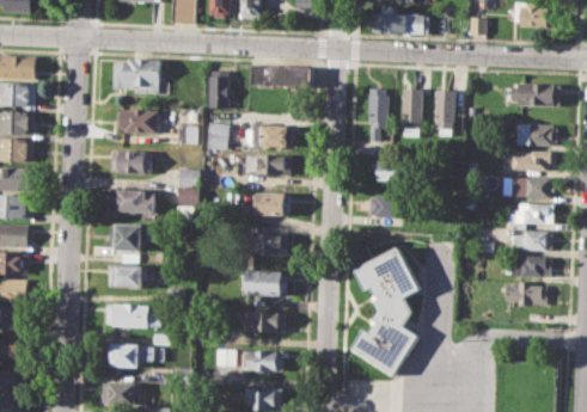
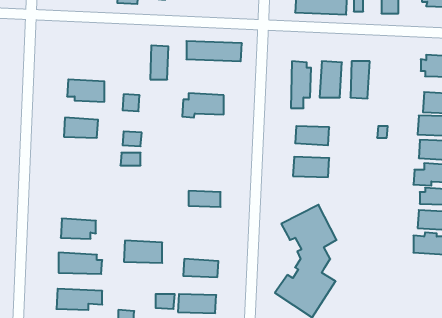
building: [111,59,159,94] -> none
building: [207,123,226,150] -> none
building: [244,154,291,177] -> none
building: [109,190,154,214] -> none
building: [252,193,289,216] -> none
building: [109,225,154,252] -> none
building: [244,270,287,295] -> [124,241,162,263]

